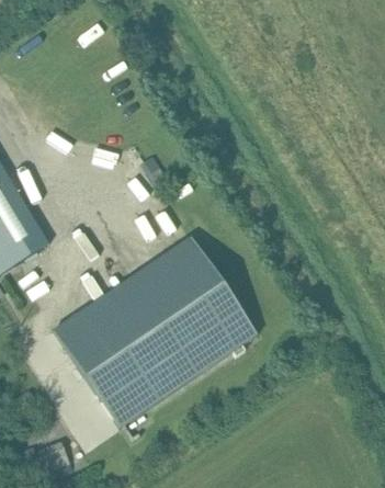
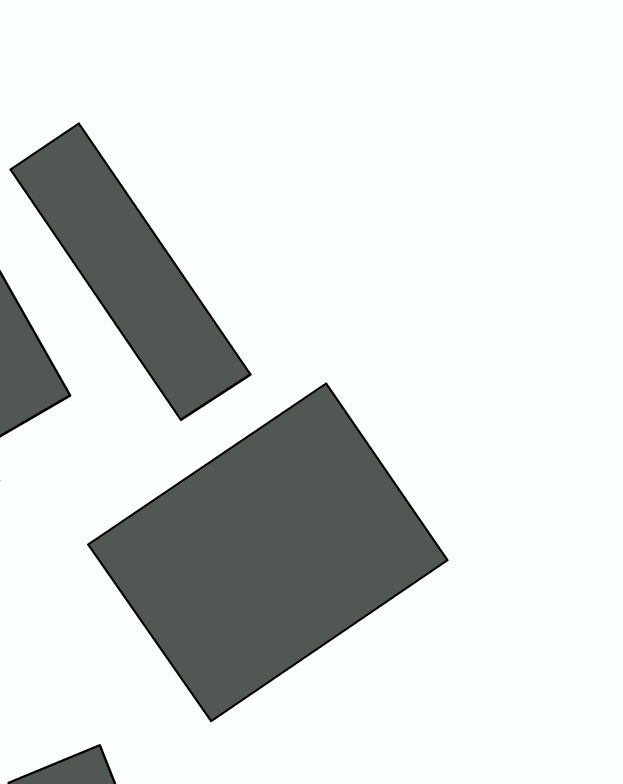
building: none -> [10,123,251,420]

